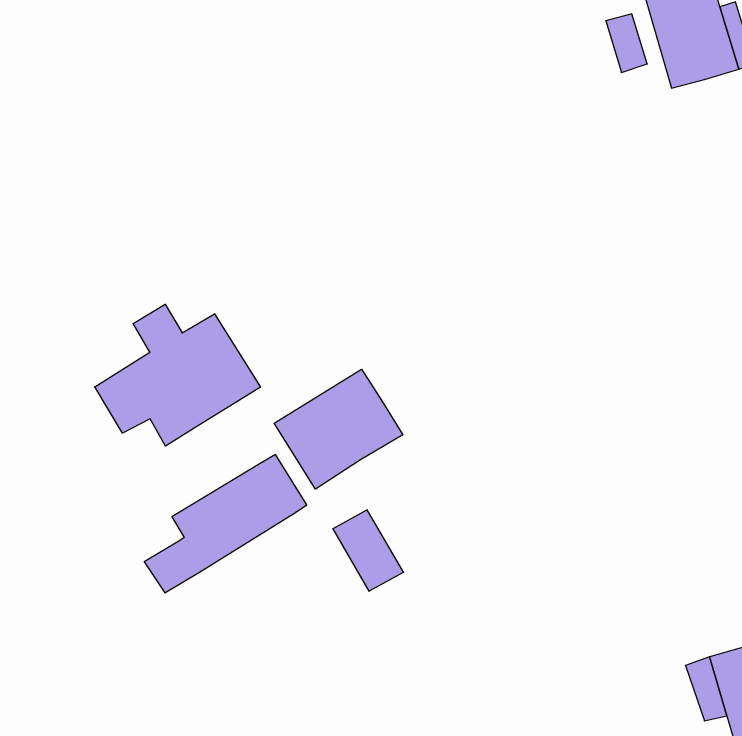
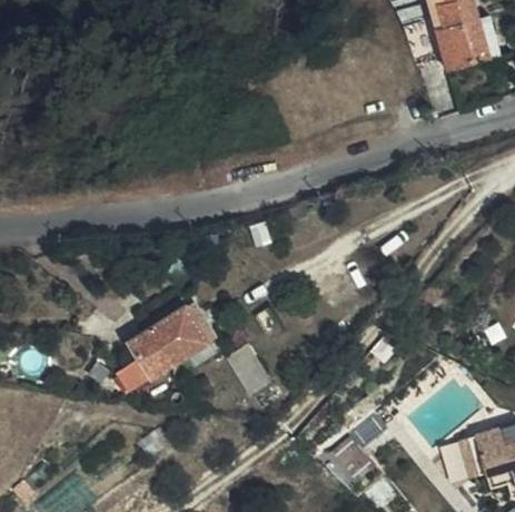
building: [95,304,261,446] -> none
building: [274,369,403,489] -> none

